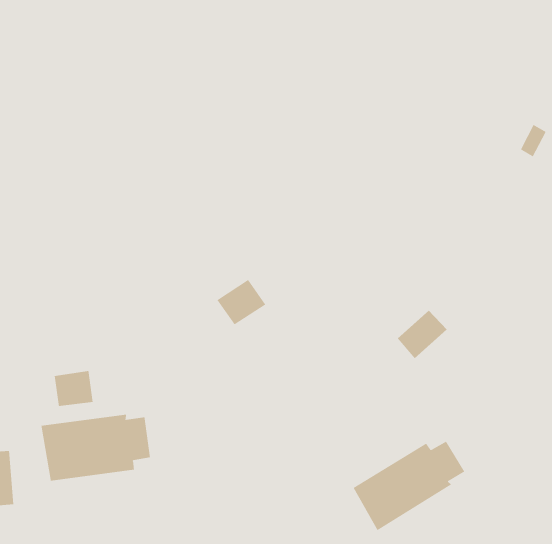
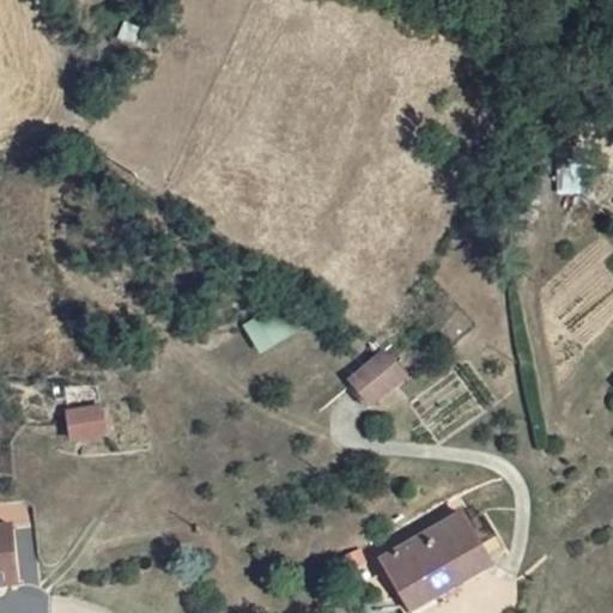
building: [397,310,447,359] -> [354,340,409,394]
building: [41,414,151,482] -> none

